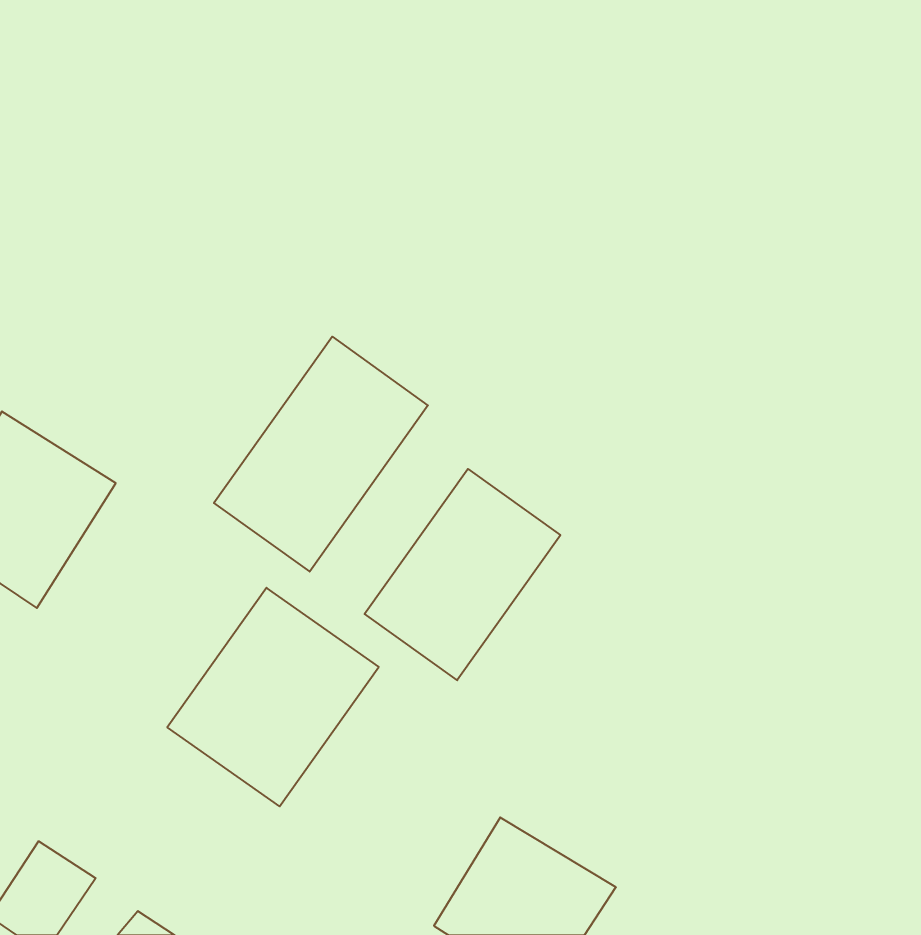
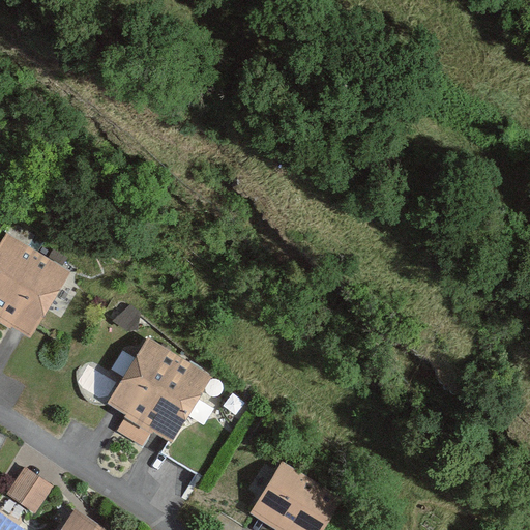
building: [214,337,428,572] -> none
building: [365,469,560,680] -> none

